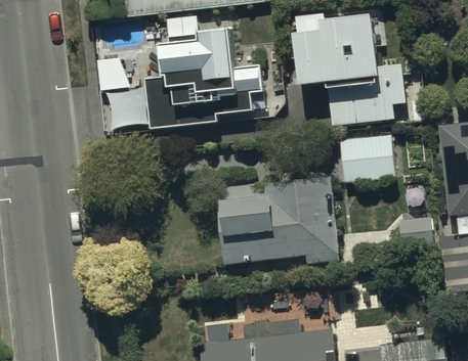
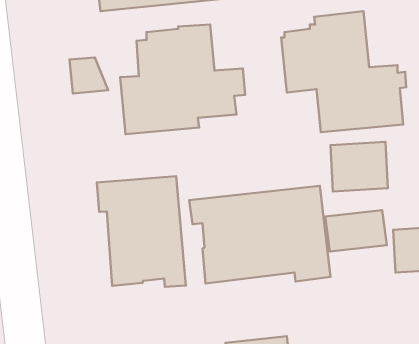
building: none -> [97,176,186,287]
building: none -> [325,210,387,251]

